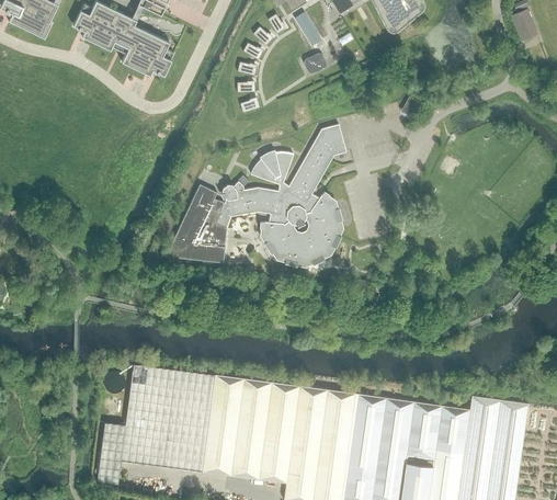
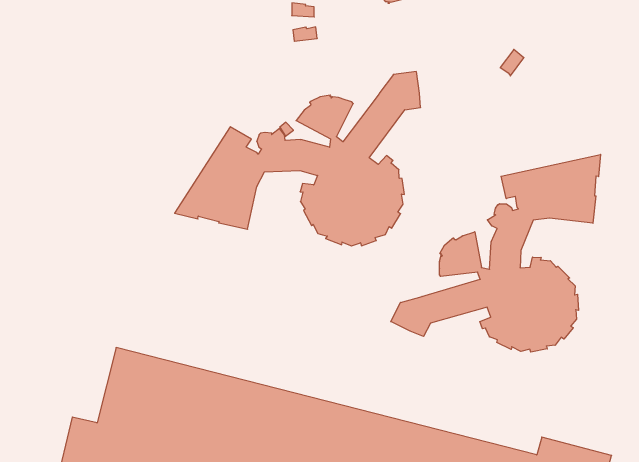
building: none -> [391,154,601,352]

